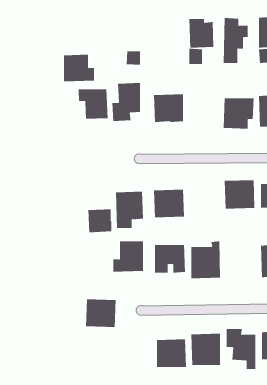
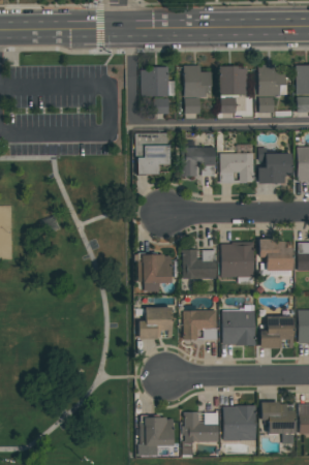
building: none -> [184,64,212,114]
building: [63,54,95,82] -> [141,67,175,97]
building: [78,89,108,120] -> none
building: none -> [219,152,253,183]
building: none -> [221,241,253,278]
building: [88,209,112,233] -> none
building: none -> [259,315,293,348]
building: [85,299,117,327] -> [140,415,174,446]

